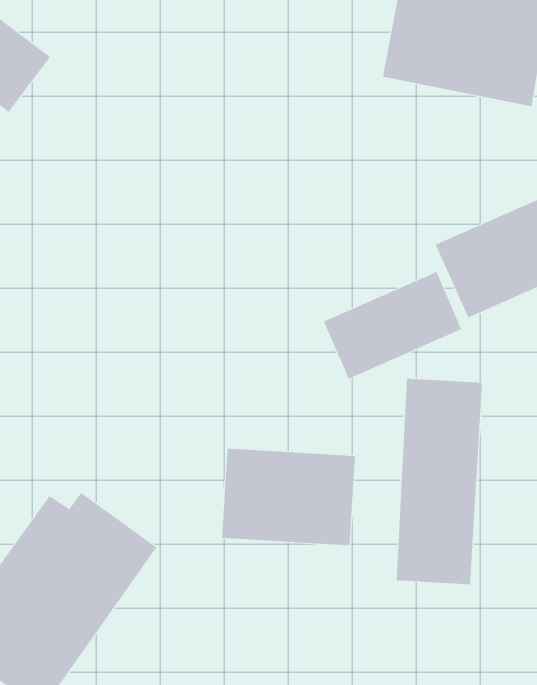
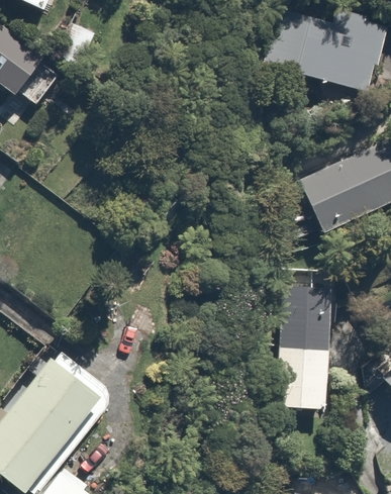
building: [323,271,462,379] -> none
building: [221,448,356,546] -> none

